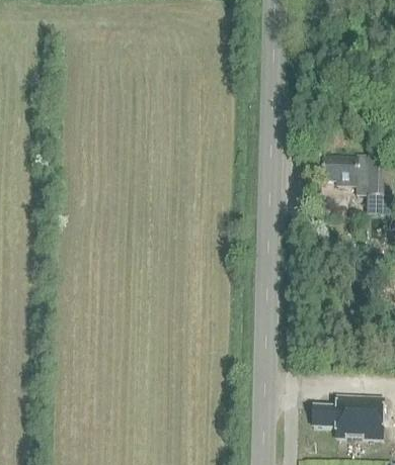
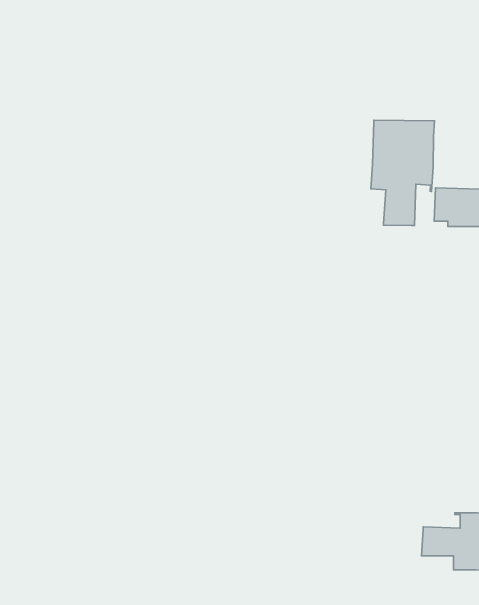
building: none -> [371,120,434,226]

